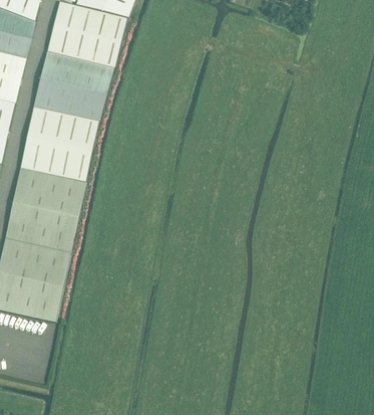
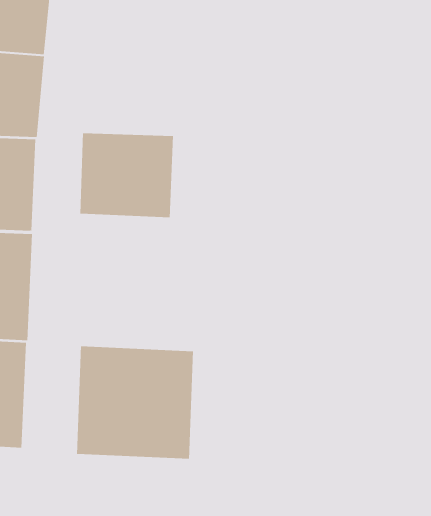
building: none -> [80,132,174,218]
building: none -> [77,346,193,459]

